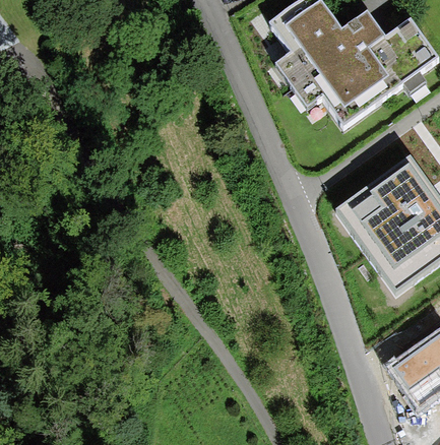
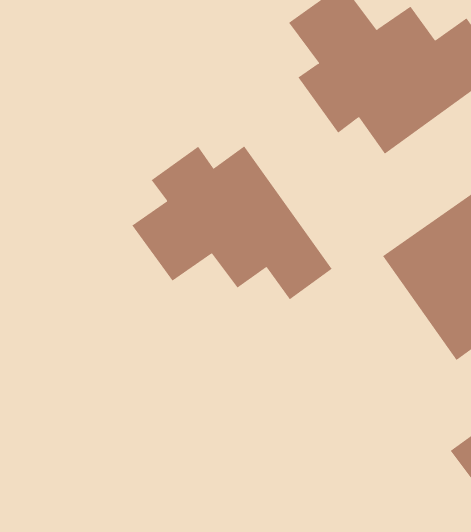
building: none -> [132,146,333,300]

